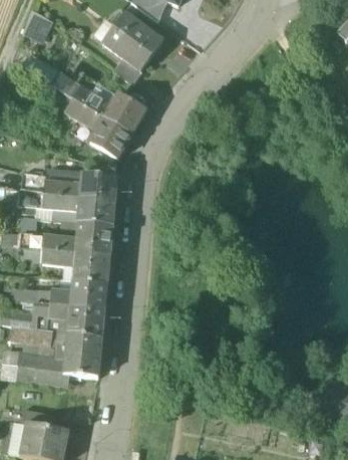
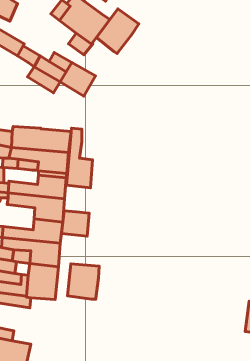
building: none -> [97,9,139,53]
building: [90,117,132,157] -> none
building: none -> [66,128,92,188]
building: none -> [61,211,89,236]
building: none -> [67,264,99,299]

